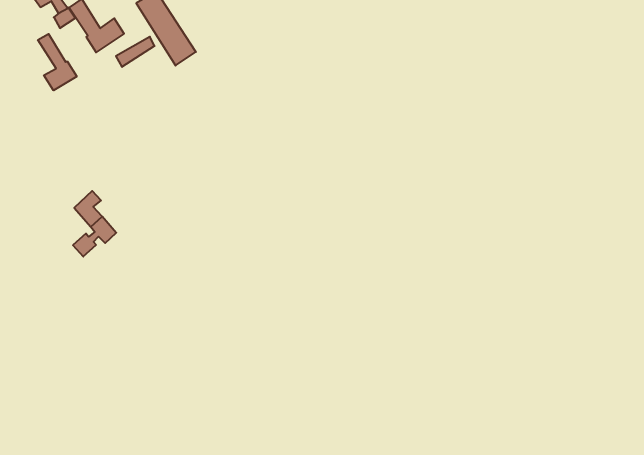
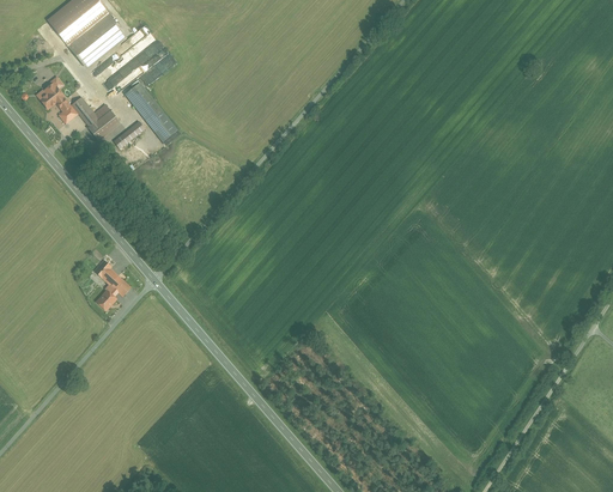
building: [38,34,77,90] -> none

